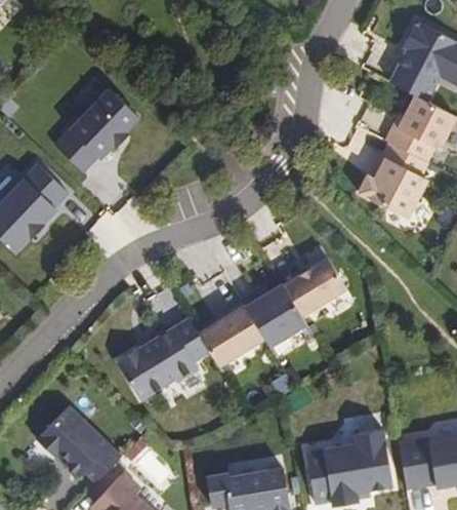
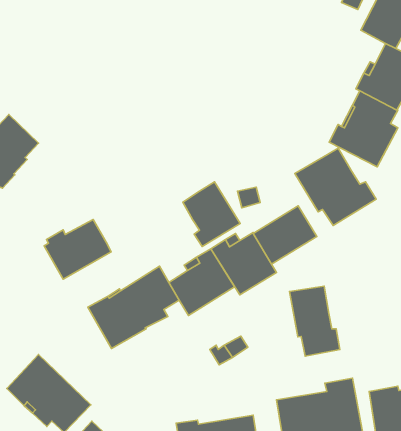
building: [57,91,140,173] -> none
building: none -> [295,148,376,226]
building: none -> [183,182,240,247]
building: none -> [44,220,111,279]
building: none -> [290,286,340,356]

